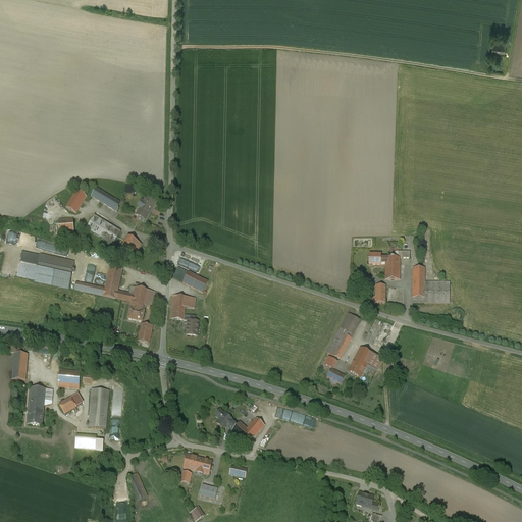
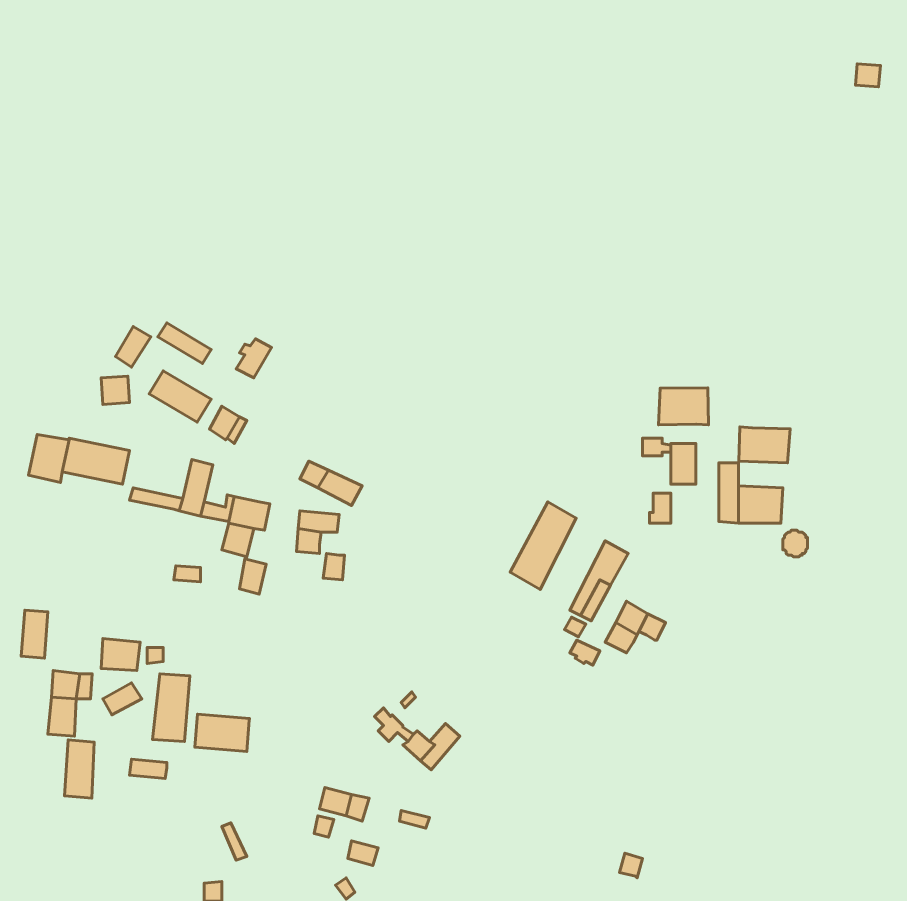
building: none -> [659,388,708,425]
building: none -> [739,427,790,463]
building: none -> [510,502,576,589]
building: none -> [195,714,250,751]
building: none -> [65,740,94,798]

